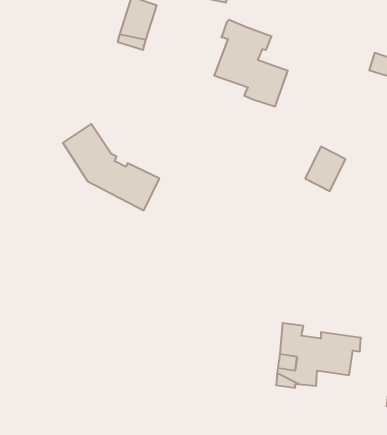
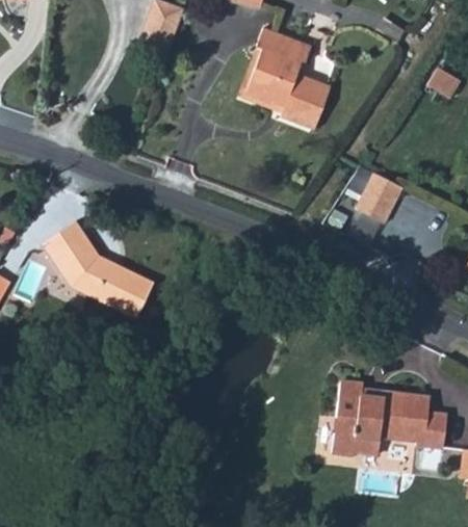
building: [63,124,159,210] -> [40,219,150,318]
building: none -> [408,407,437,443]

